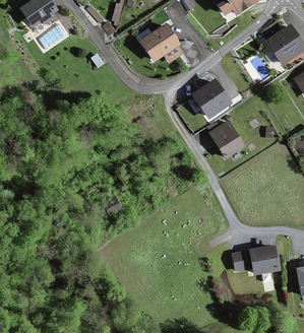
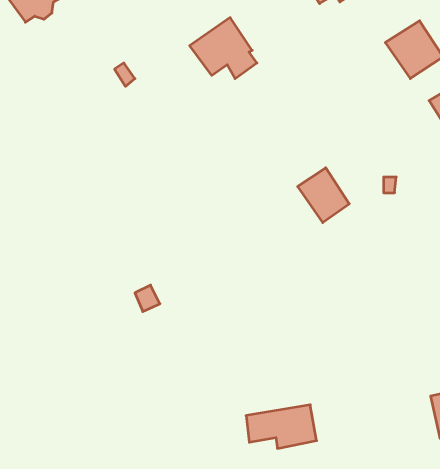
building: [192,79,229,117] -> none
building: [233,246,279,274] -> [246,405,317,448]

